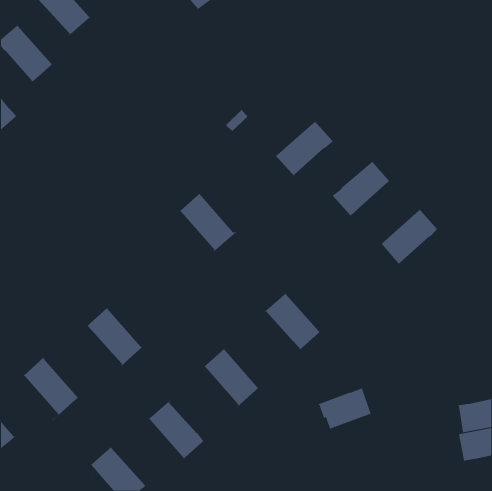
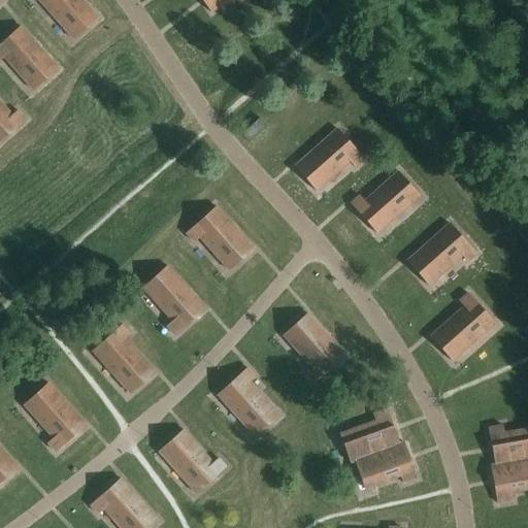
building: none -> [142,265,204,334]
building: none -> [430,292,494,360]
building: none -> [350,441,417,488]

